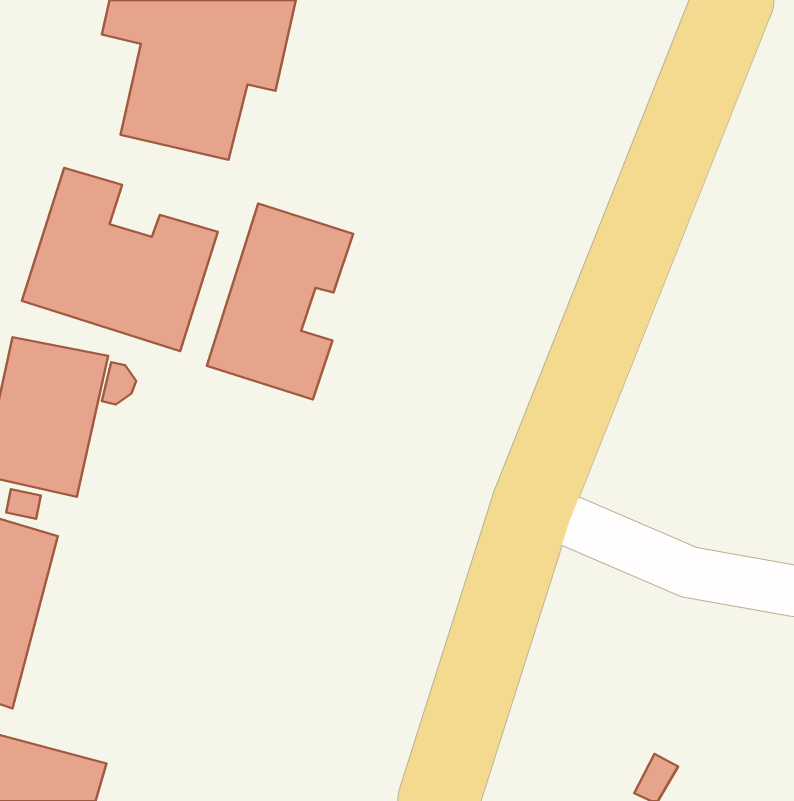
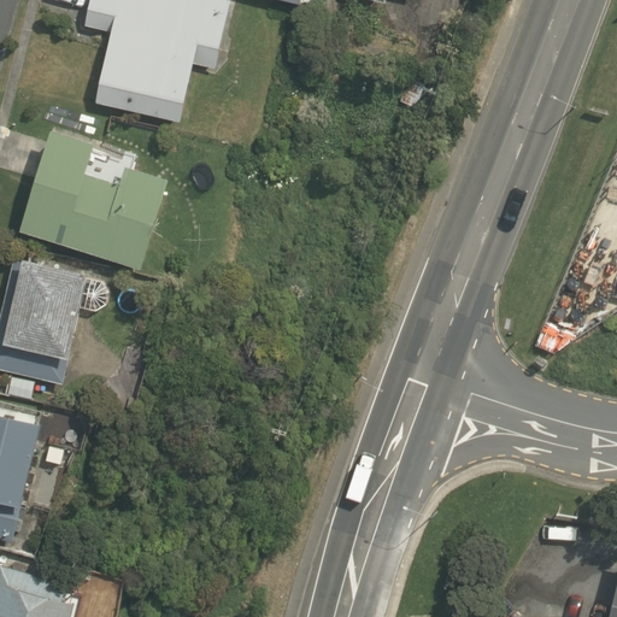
building: [207,203,353,399] -> none

